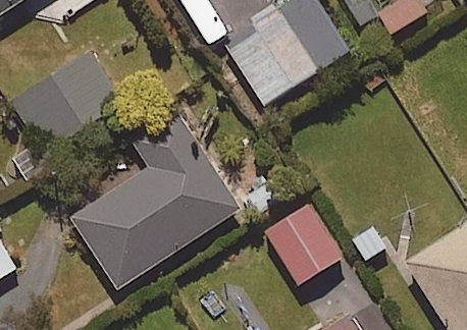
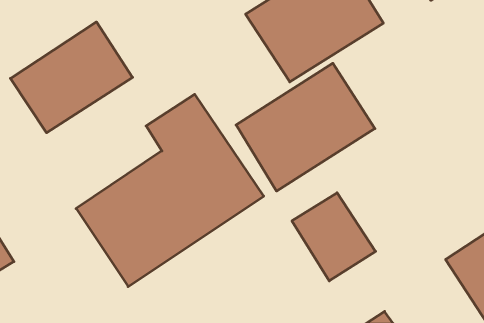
building: none -> [236,63,375,191]

